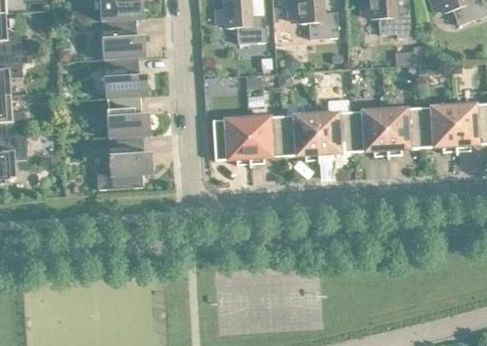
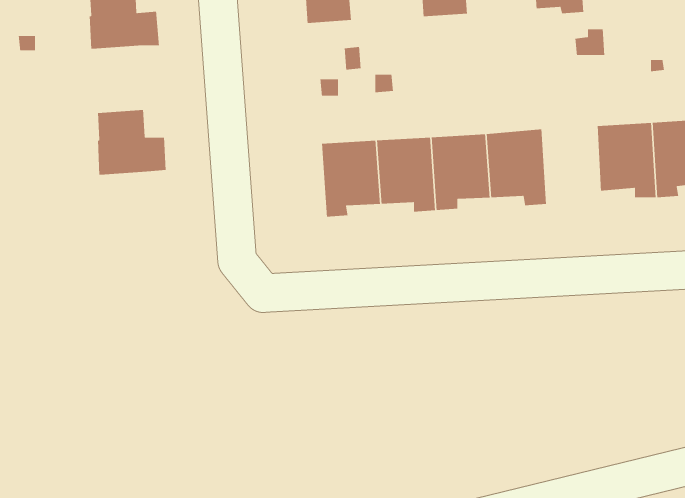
building: [104,57,148,99] -> none
building: [384,107,421,156] -> none
building: [211,118,250,165] -> none
building: [96,136,153,189] -> none

